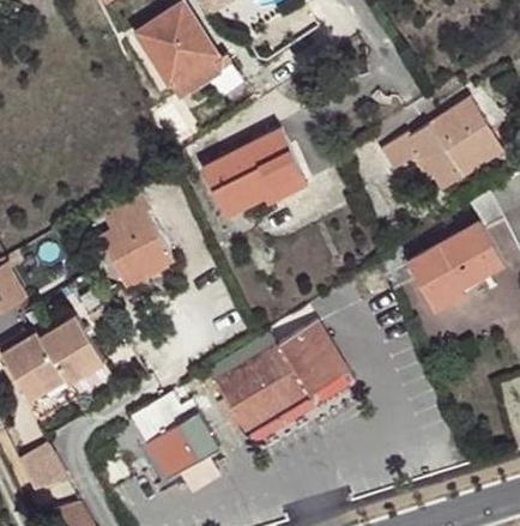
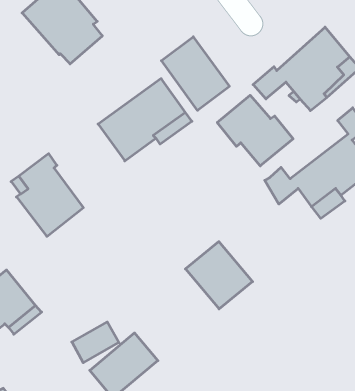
building: none -> [161,37,229,110]
building: none -> [217,95,293,166]
building: [213,346,306,434] -> none

